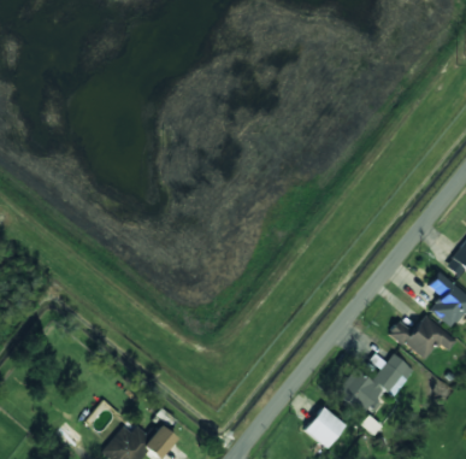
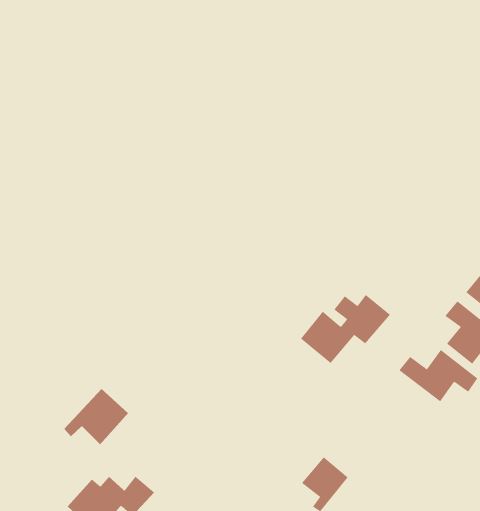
building: none -> [64,388,129,445]
building: [337,353,415,413] -> [300,294,391,364]

